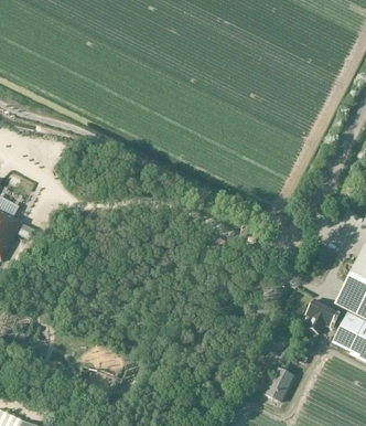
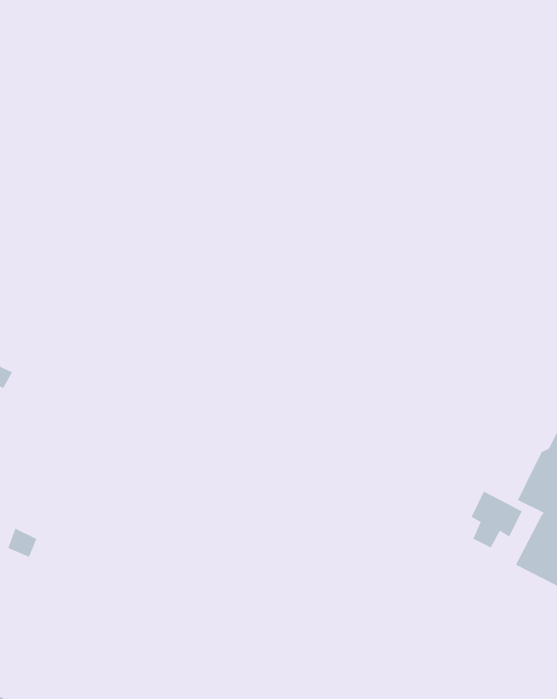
building: [266,368,294,402] -> none

